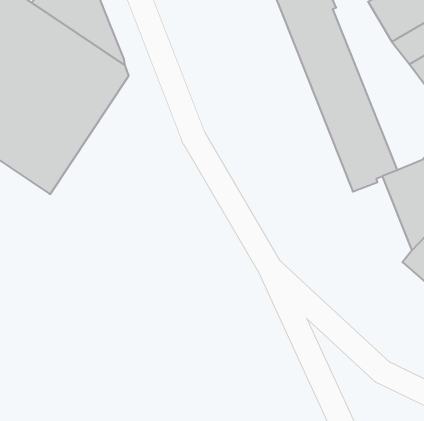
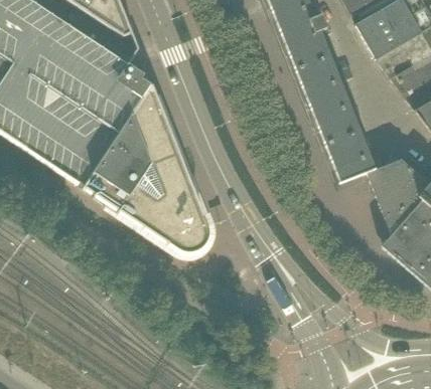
building: none -> [82,81,206,248]

